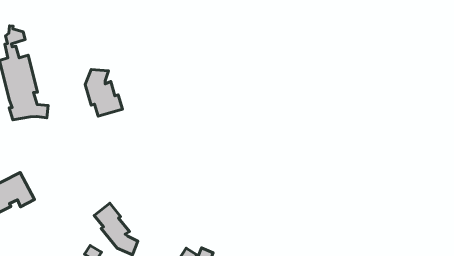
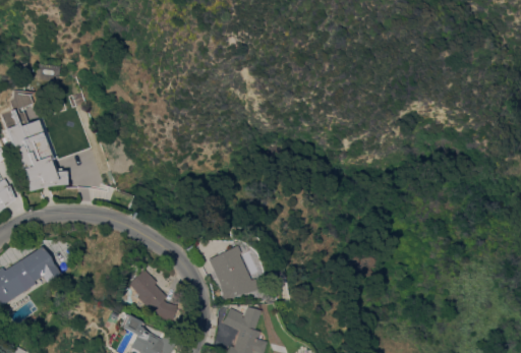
building: [85,70,122,116] -> none
building: none -> [208,245,257,299]

